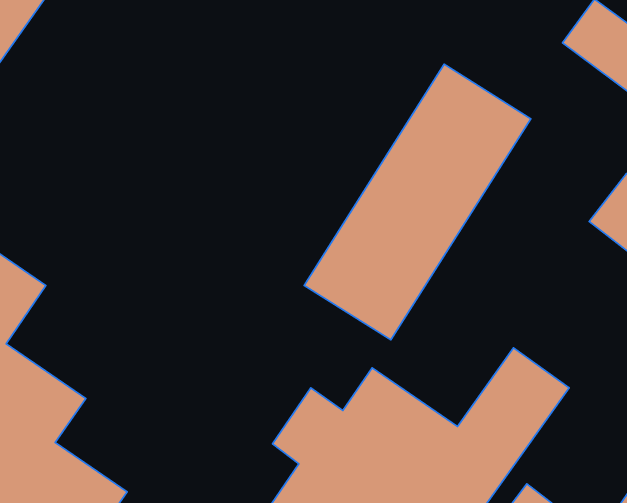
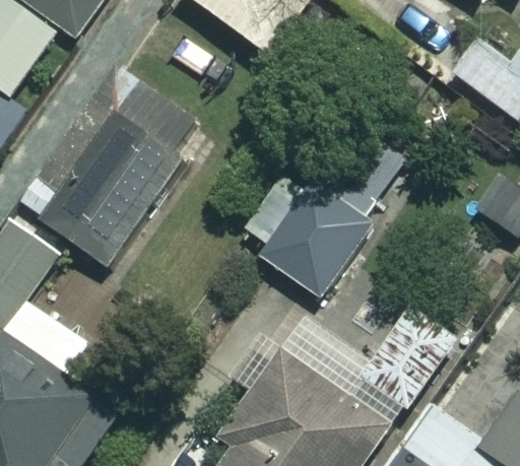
building: none -> [41,84,201,265]

